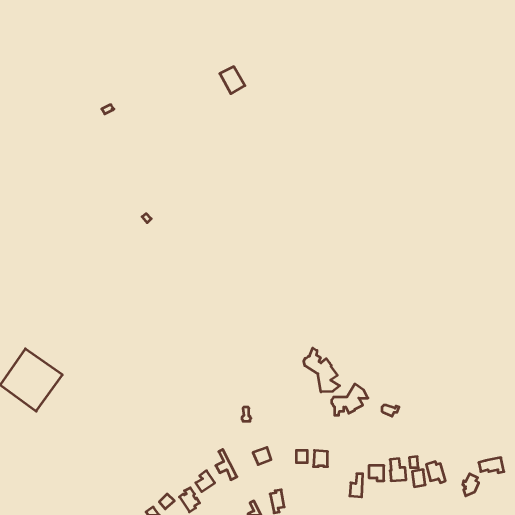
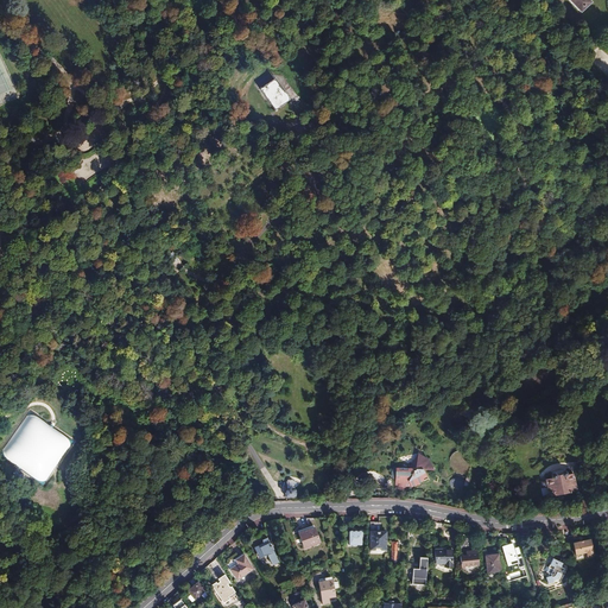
building: [304,348,340,392] -> none
building: none -> [540,471,577,496]

